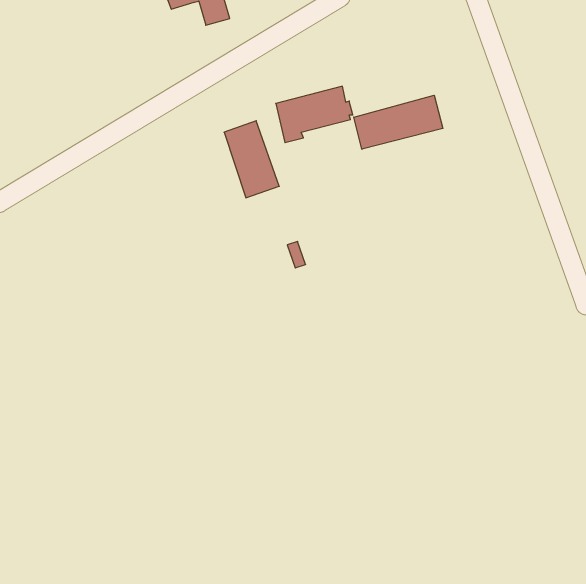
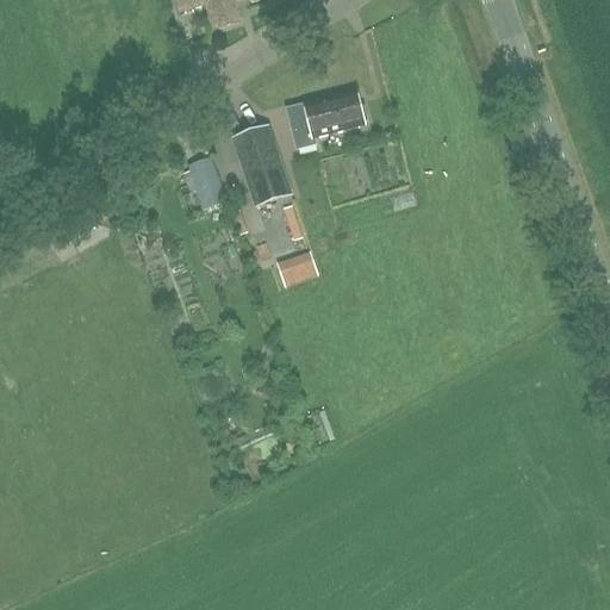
building: [354,95,443,149] -> none
building: none -> [187,156,223,204]

